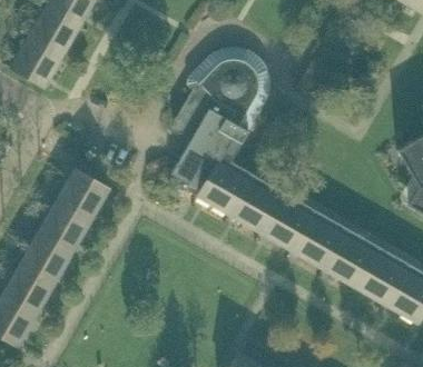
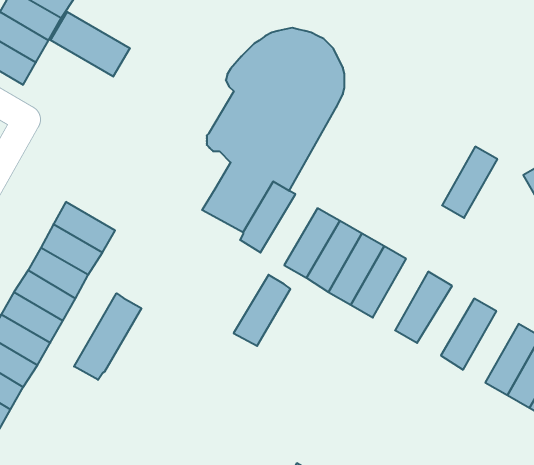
building: none -> [50,12,130,77]
building: [212,163,252,214] -> [234,275,290,346]
building: [291,209,329,259] -> [442,147,497,218]
building: [322,228,362,277] -> none
building: none -> [74,293,141,380]
building: [354,246,393,296] -> none

